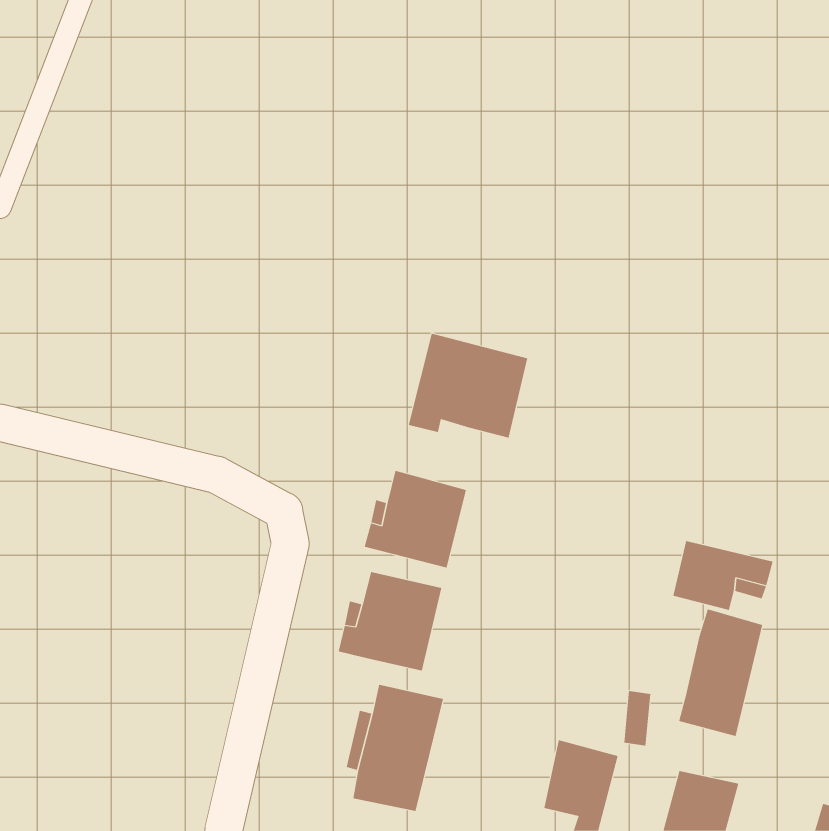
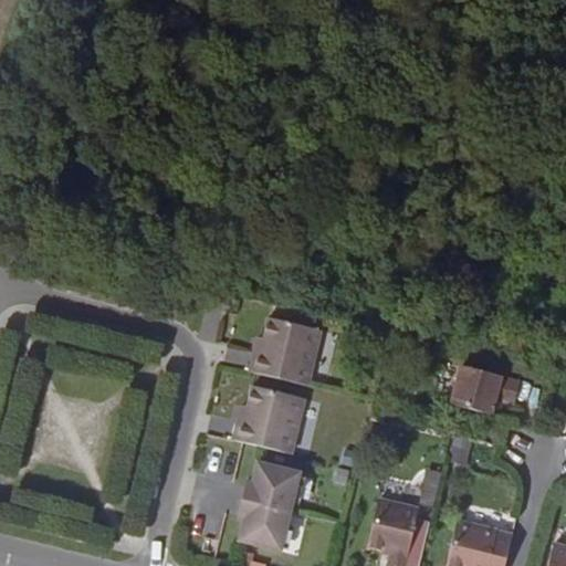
building: [408,333,528,438] -> none
building: [679,609,763,737] -> none

